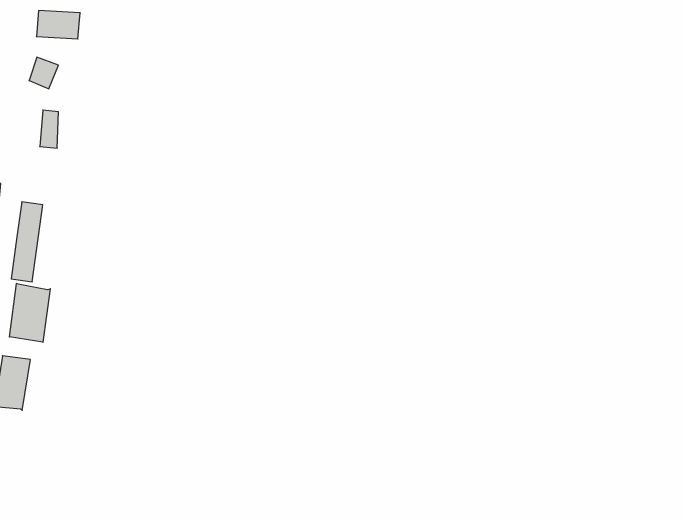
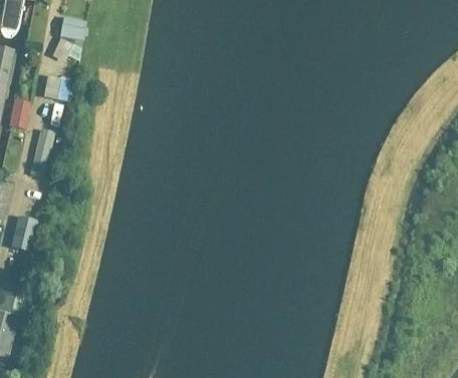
building: [9,283,50,342] -> none

